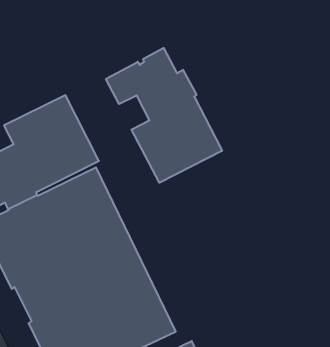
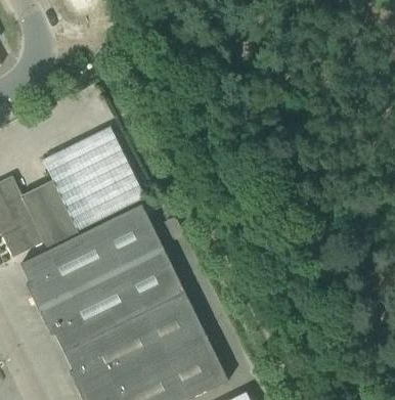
building: [106,48,222,183] -> none

